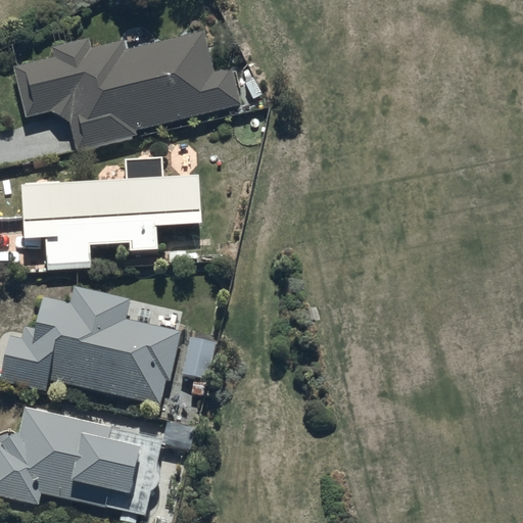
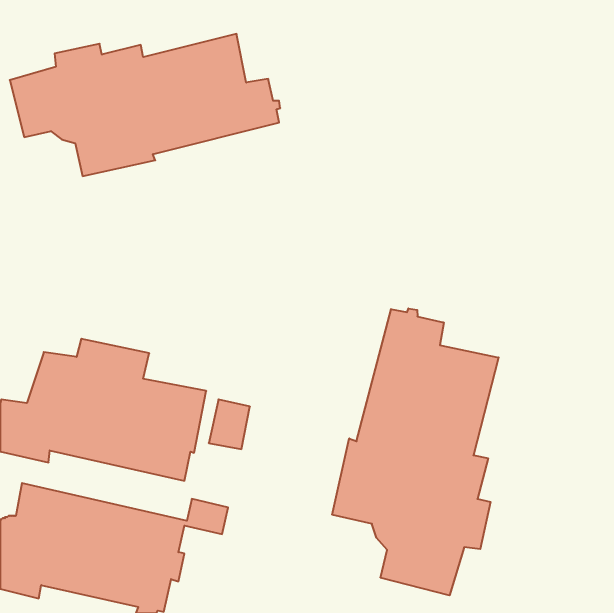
building: [16,158,198,269] -> none
building: none -> [332,308,499,595]

